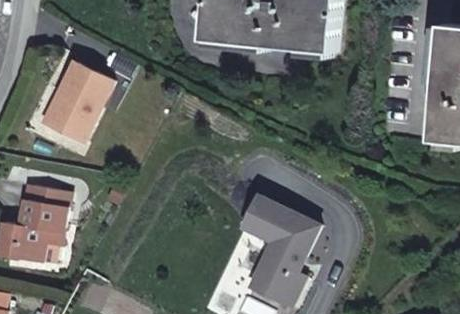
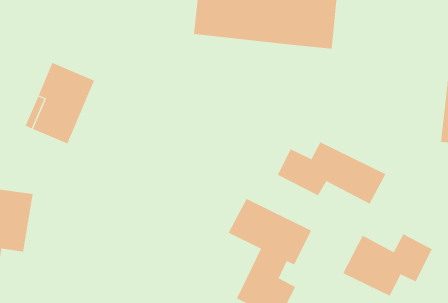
building: none -> [277,141,386,204]
building: none -> [342,233,432,297]

